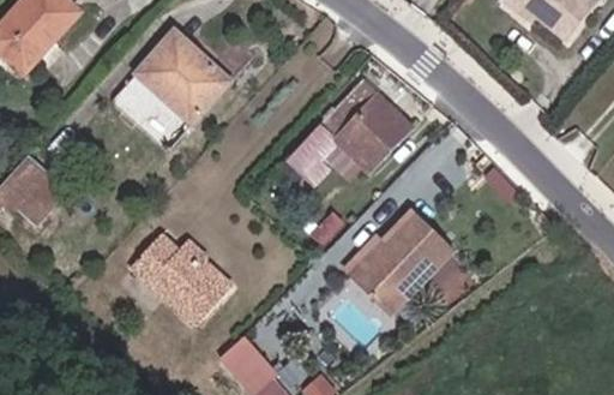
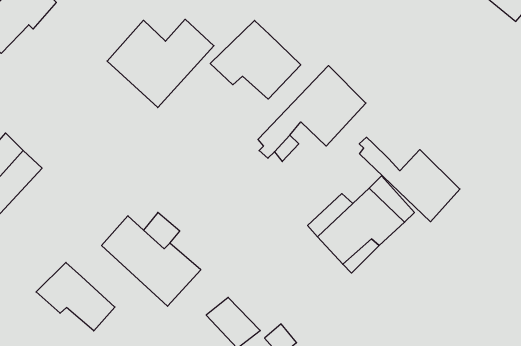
building: none -> [210,20,301,99]
building: none -> [359,137,460,222]
building: none -> [36,262,115,331]

